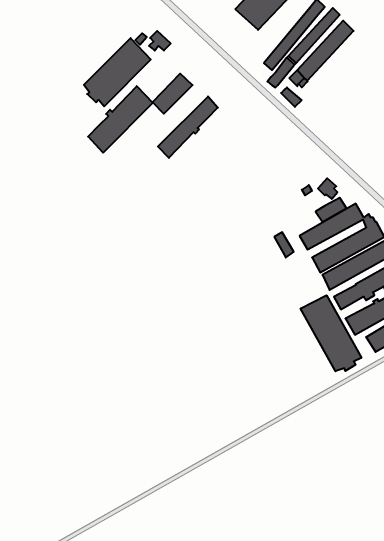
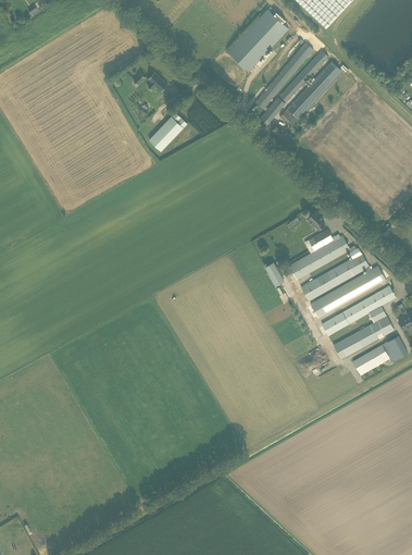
building: [84,38,151,106] -> none
building: [88,86,153,153] -> none
building: [158,96,218,158] -> none
building: [301,295,361,371] -> none

